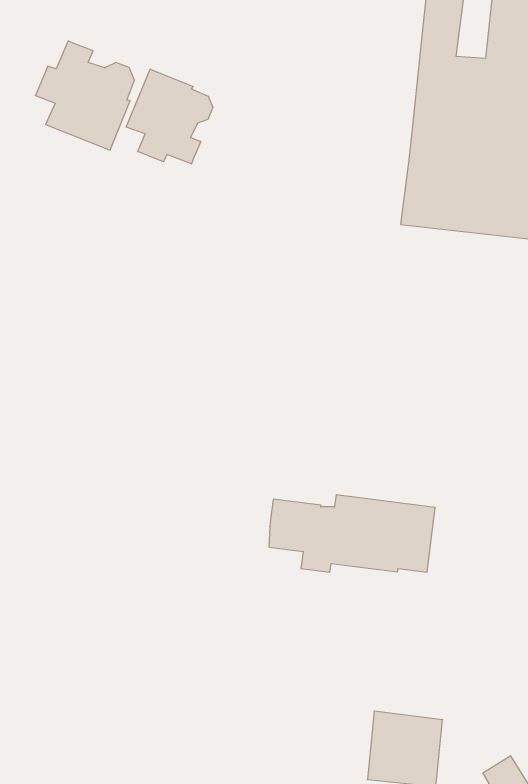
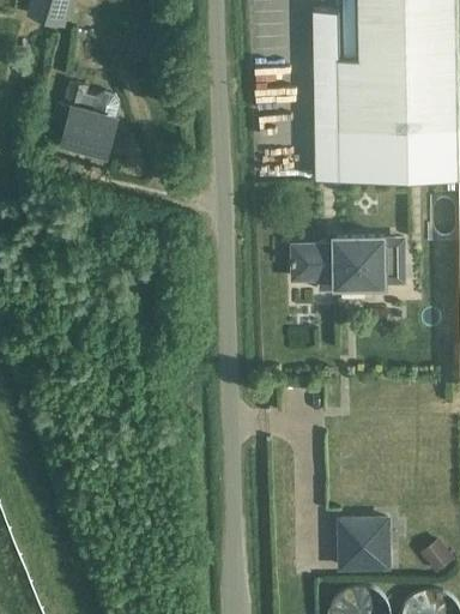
building: [126,69,213,164] -> none
building: [269,495,435,572] -> [293,239,406,293]

